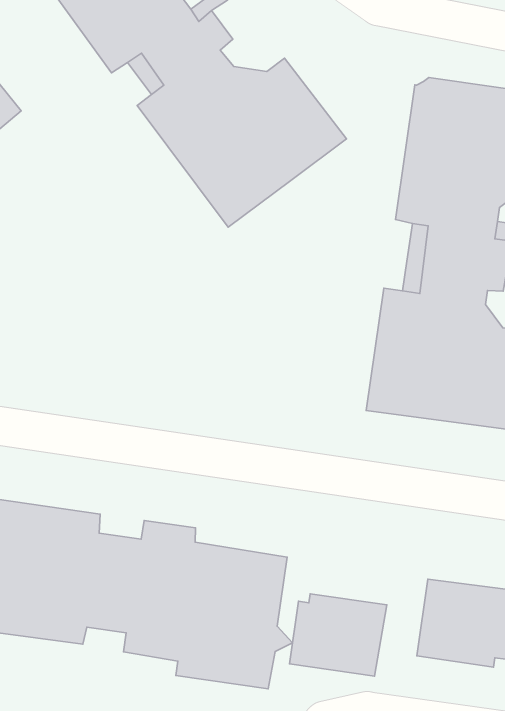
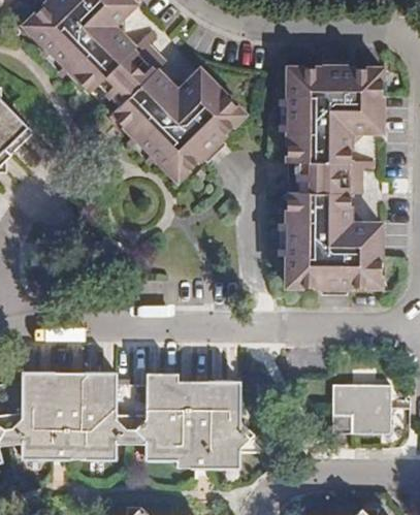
building: [289,594,387,676] -> none

